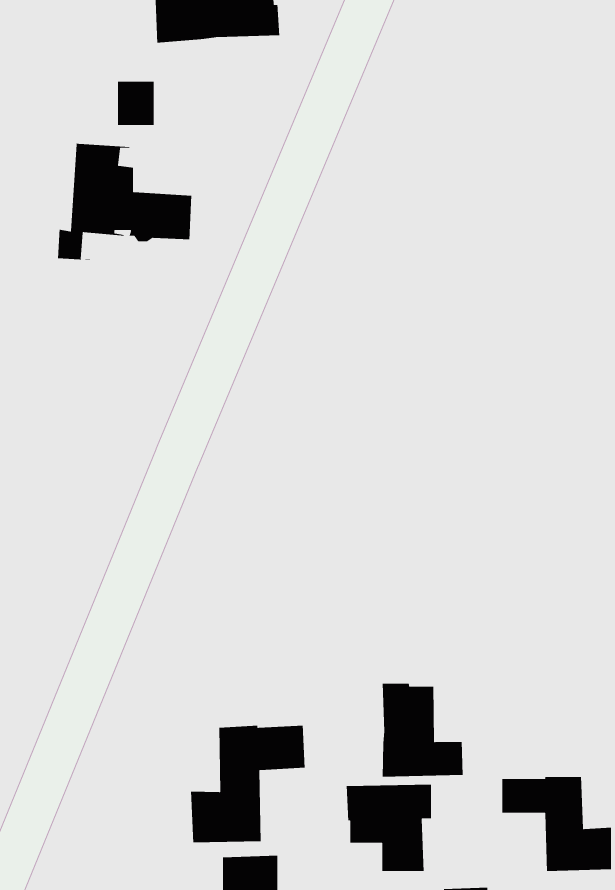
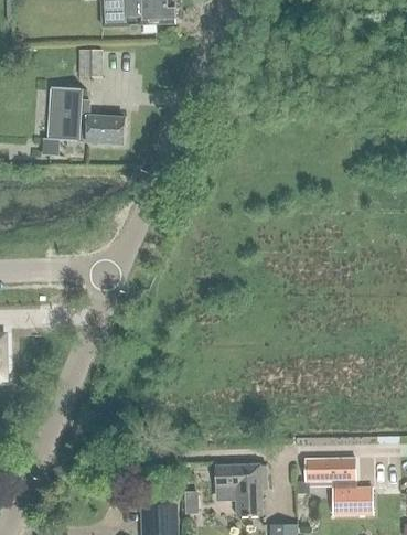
building: [382,683,463,777] -> none
building: [190,725,305,843] -> none

